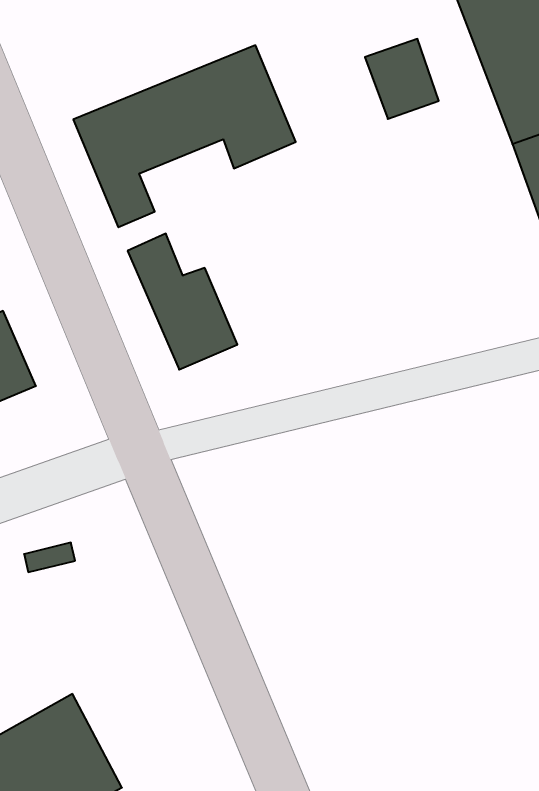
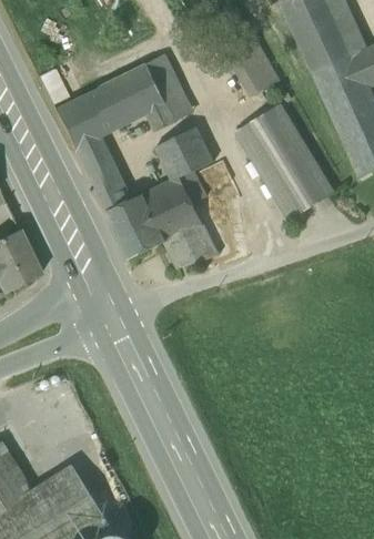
building: none -> [241,105,332,217]
building: none -> [141,126,219,267]

